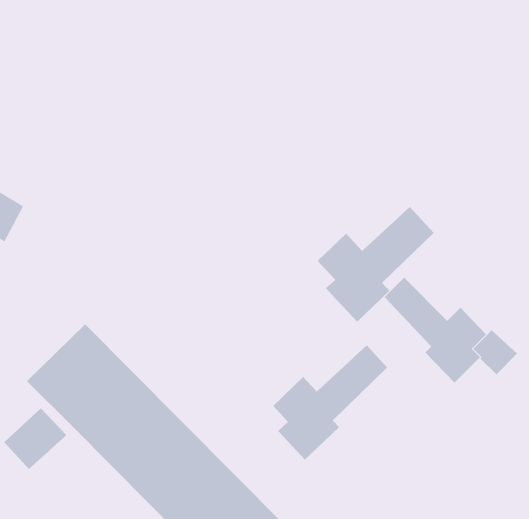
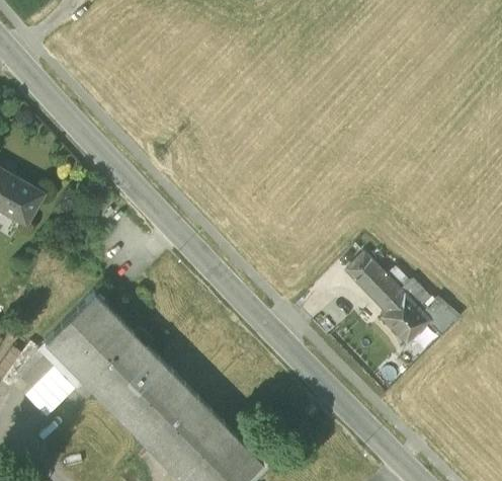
building: [317,206,434,323] -> none
building: [272,345,388,461] -> none

